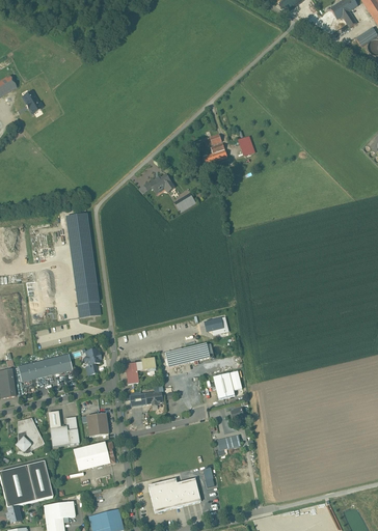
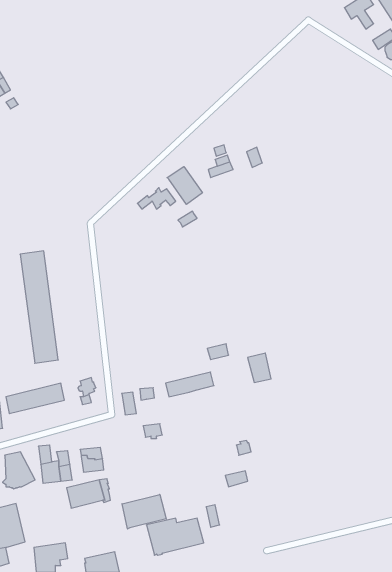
building: none -> [167,167,202,204]
building: [65,214,101,317] -> [20,251,58,363]
building: [213,371,235,398] -> [248,353,271,382]
building: none -> [122,494,166,529]
building: [27,460,52,500] -> none

